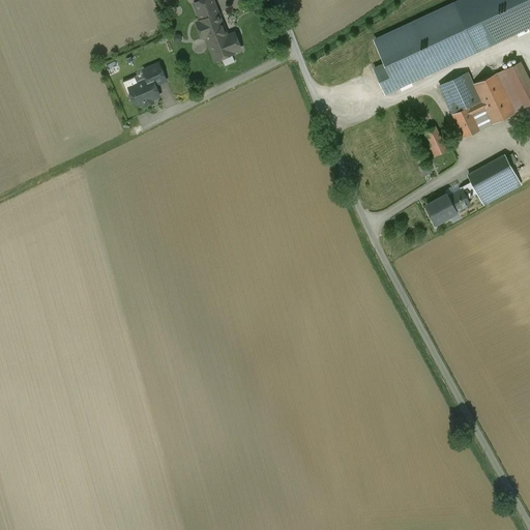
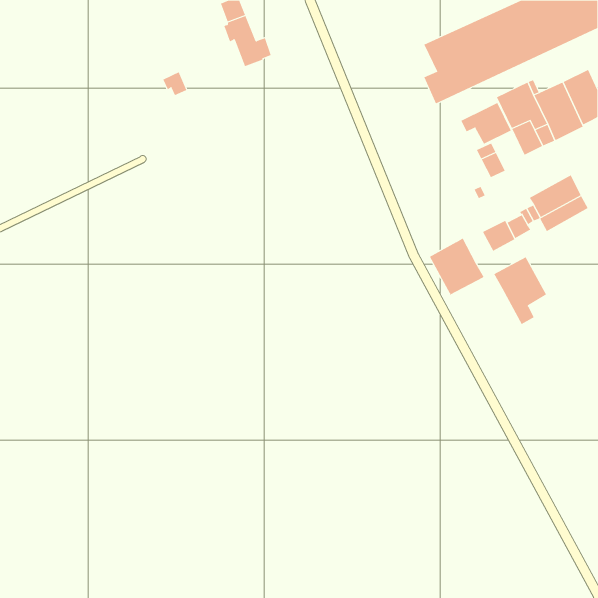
building: [131,78,159,105] -> none
building: none -> [460,102,512,145]
building: none -> [429,237,484,295]
building: none -> [493,256,547,325]

